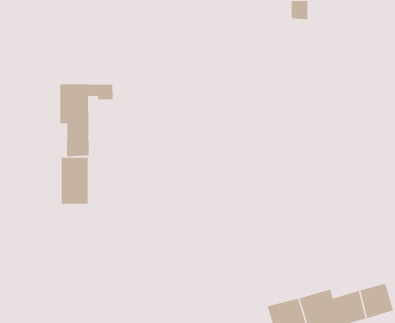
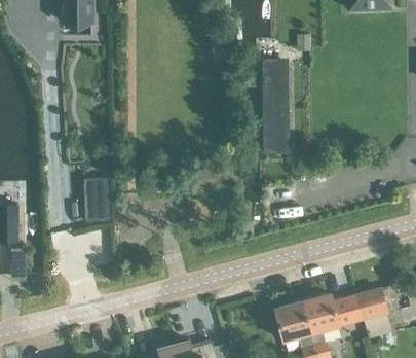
building: none -> [262,63,290,153]
building: [60,84,113,157] -> none

